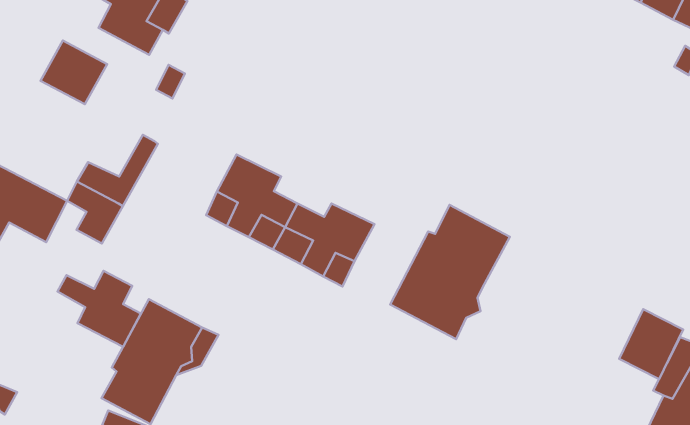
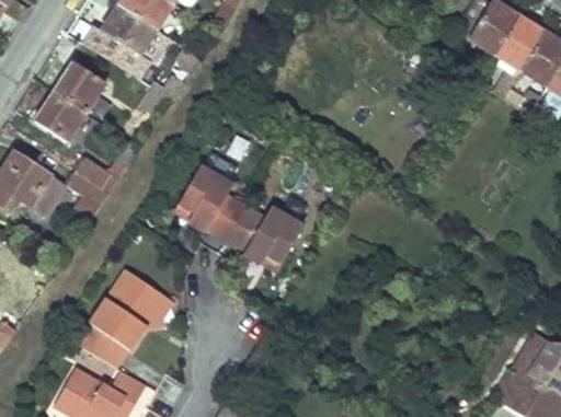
building: none -> [35,93,87,144]
building: [390,205,510,339] -> none
building: [58,271,141,347] -> none
building: [619,309,683,379] -> none

